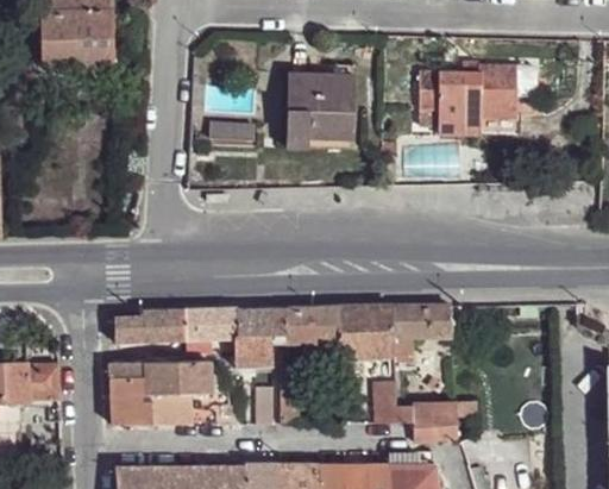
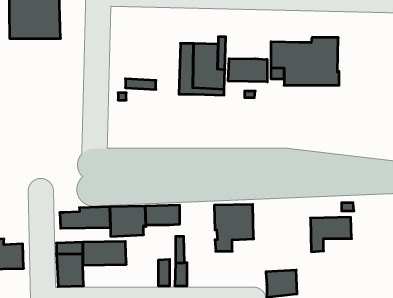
building: none -> [228,59,267,82]
building: [394,306,453,356] -> [310,217,352,252]
building: [287,308,339,344] -> none
building: [236,337,275,368] -> none
building: [373,381,414,424] -> none
building: [147,389,230,426] -> none

